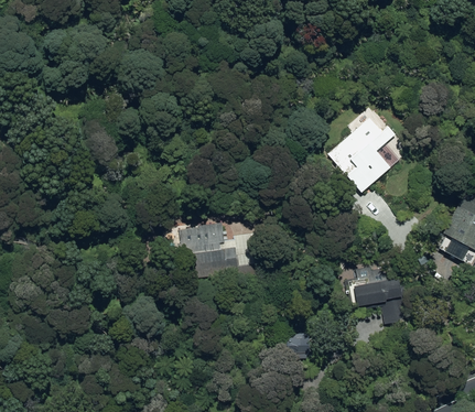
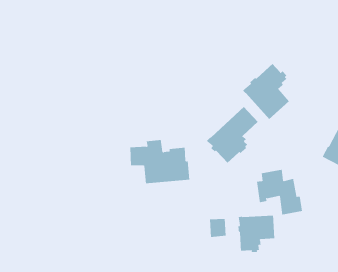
building: none -> [206,106,258,163]
building: none -> [238,215,275,253]

